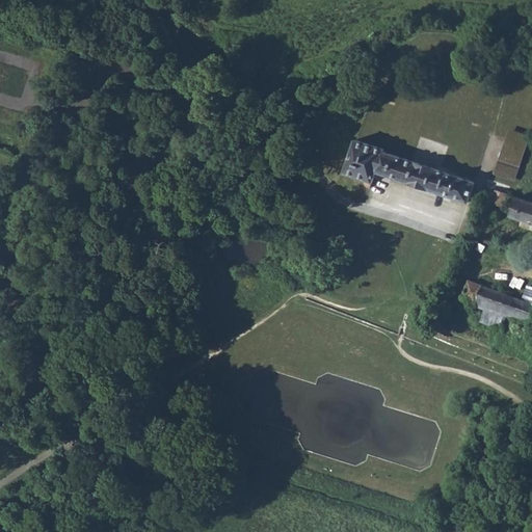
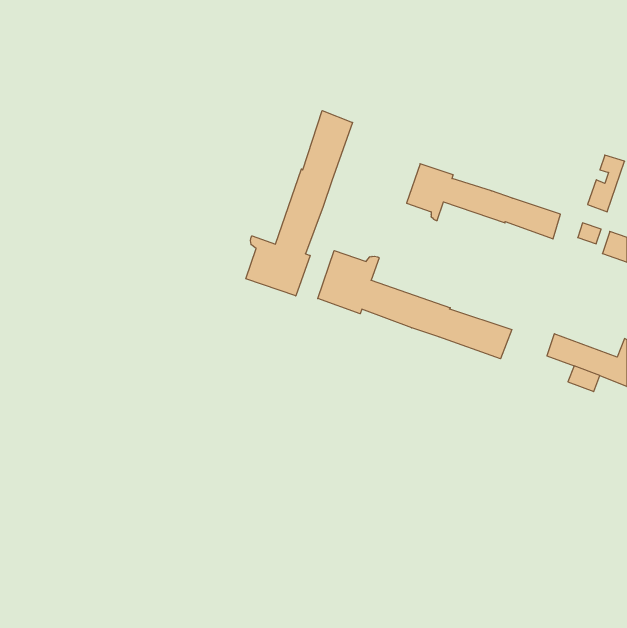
building: none -> [246,111,353,296]
building: none -> [318,251,512,359]

